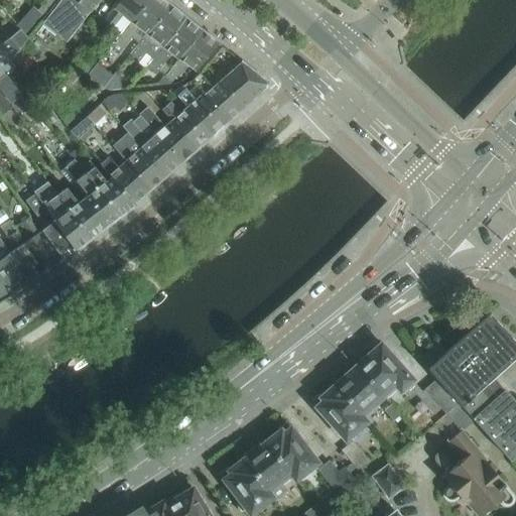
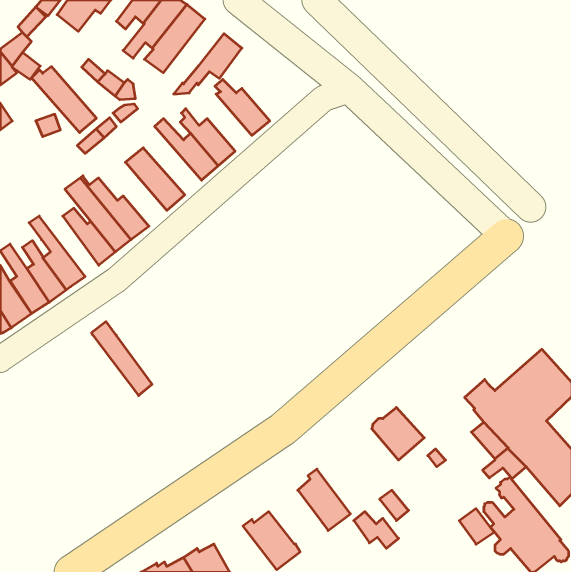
building: [148,17,203,73] -> none
building: [219,62,267,109] -> none
building: [175,78,228,136] -> none
building: [124,116,182,175] -> [32,67,96,133]
building: [102,156,151,204] -> none
building: [35,182,90,249] -> [92,322,152,396]
building: [358,346,412,394] -> none
building: [312,386,366,438] -> none
building: [240,441,291,501] -> none
building: [374,465,405,497] -> [459,509,494,544]

